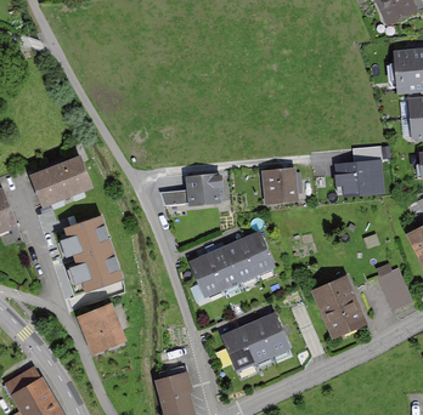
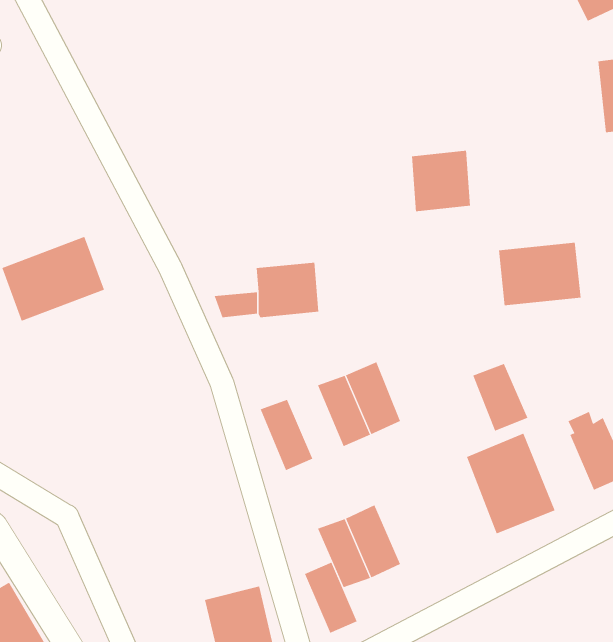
building: [261,167,298,205] -> [411,150,471,212]
building: [63,215,123,292] -> none
building: none -> [472,363,528,431]
building: [204,246,238,291] -> none
building: [75,300,126,353] -> none
building: [258,312,291,356] -> [304,562,358,633]

